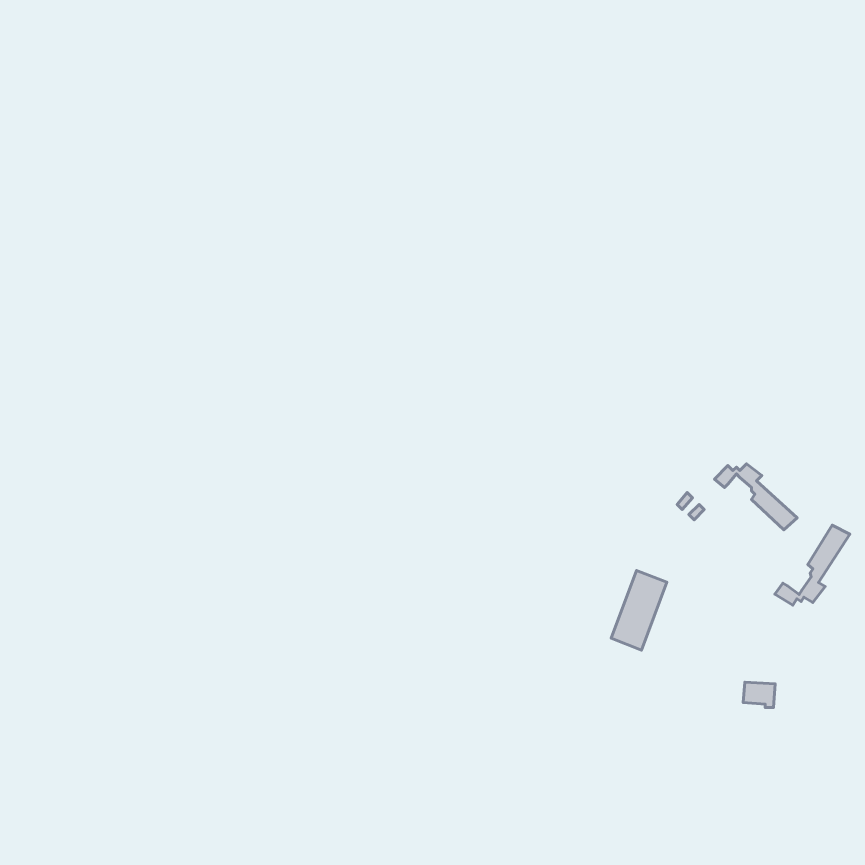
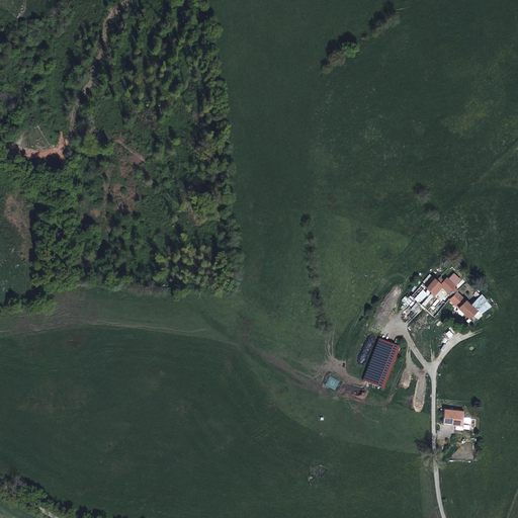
building: [775,525,850,605] -> none

